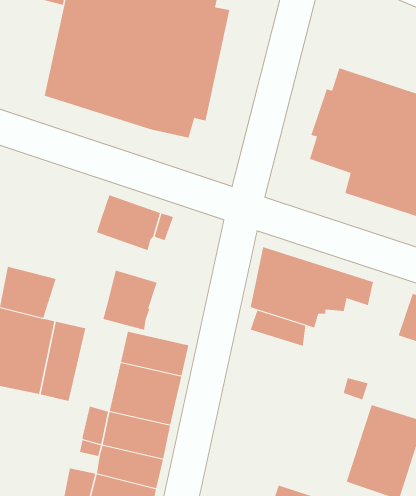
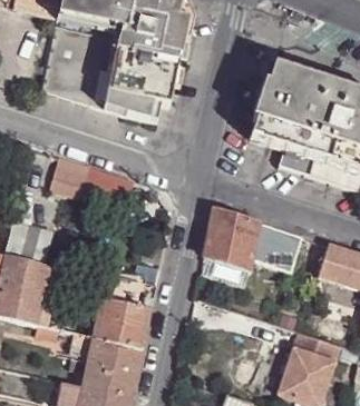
building: [103,270,158,330] -> [48,155,91,202]

